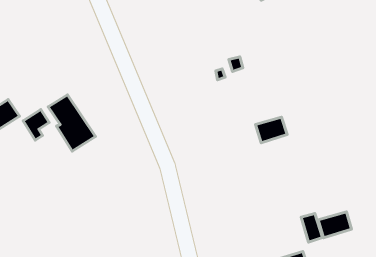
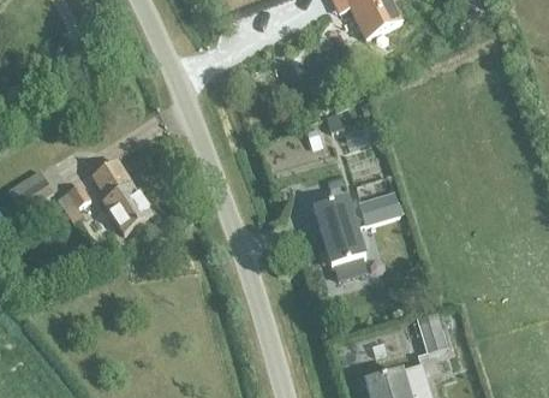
building: none -> [314,196,366,279]
building: [318,212,351,238] -> none

